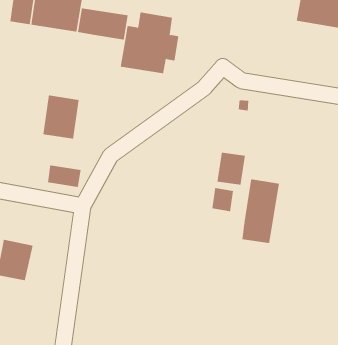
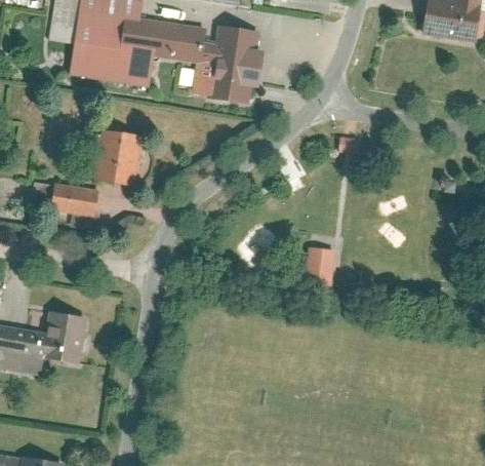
building: none -> [73,40,154,84]
building: [217,152,246,185] -> none
building: [47,165,82,187] -> [54,185,98,213]
building: [242,179,279,244] -> none

